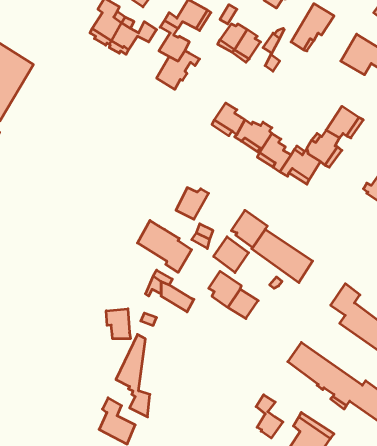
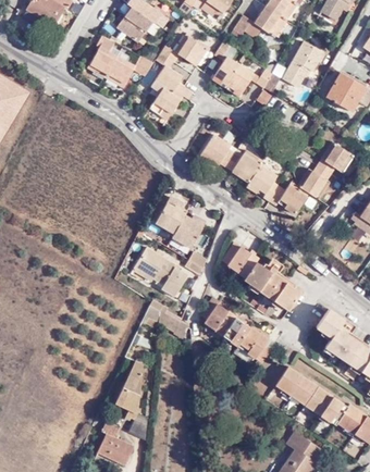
building: none -> [152,198,184,235]
building: [214,237,249,273] -> none
building: none -> [238,324,274,363]
building: [106,309,130,339] -> none
building: [256,395,283,438] -> none

